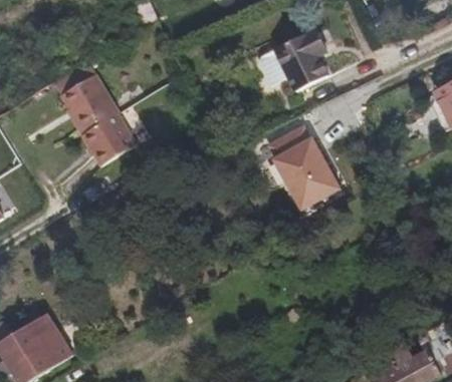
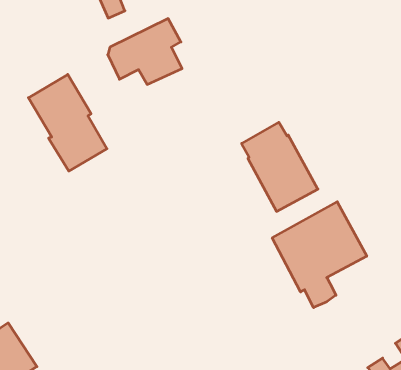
building: [257,27,327,89] -> [108,19,182,84]
building: none -> [272,202,367,308]

